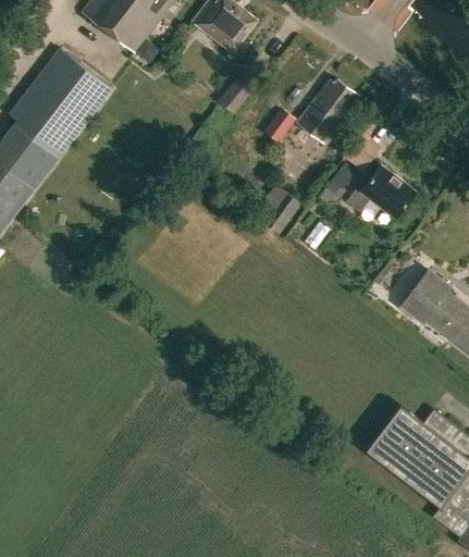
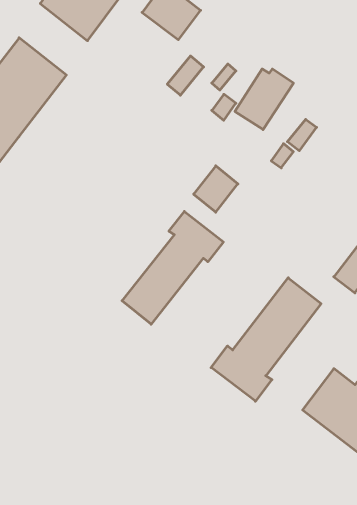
building: [345,166,414,216] -> none
building: none -> [122,211,223,324]
building: none -> [211,278,321,401]

